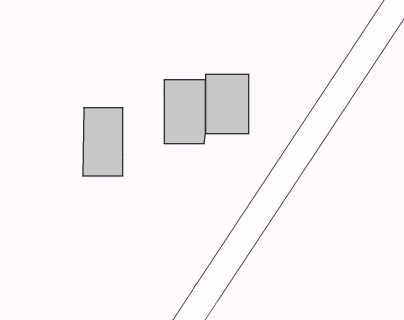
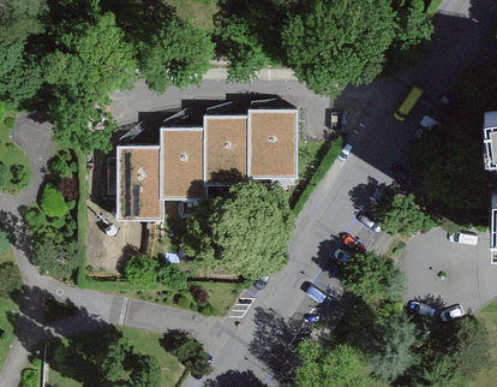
building: none -> [157,132,202,201]

